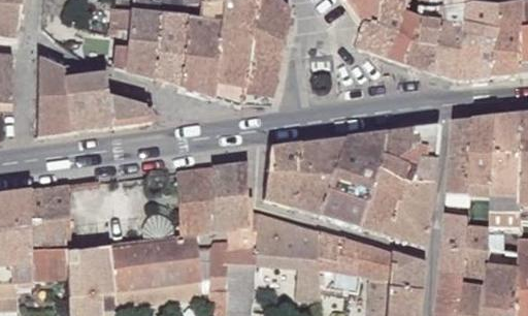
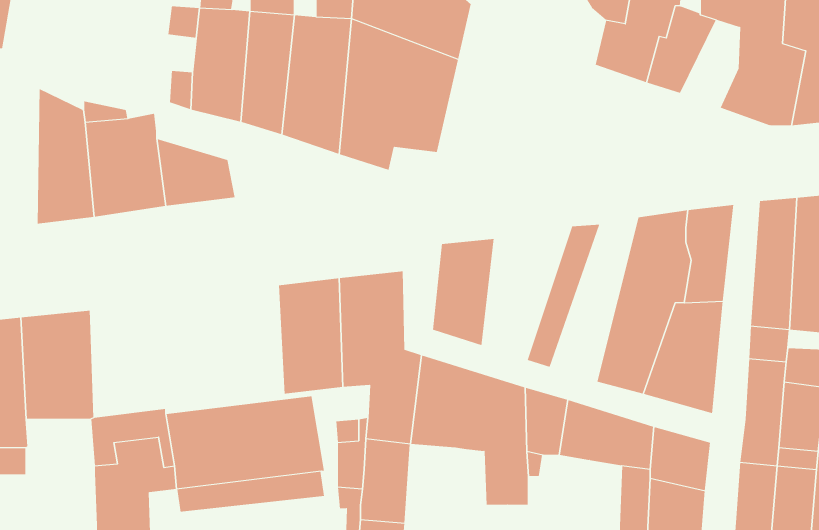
building: [408,18,442,68] -> none
building: [333,131,384,226] -> none
building: [294,136,345,214] -> none
building: [31,248,70,280] -> none

